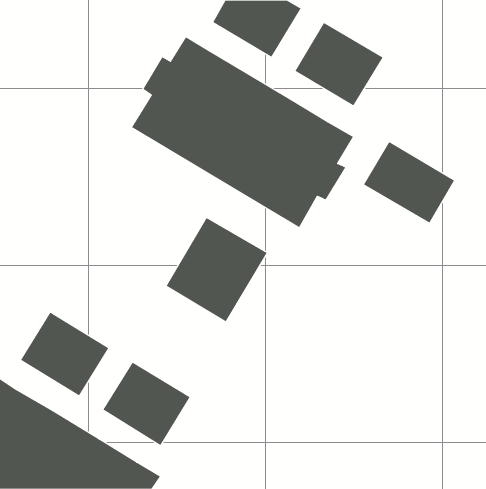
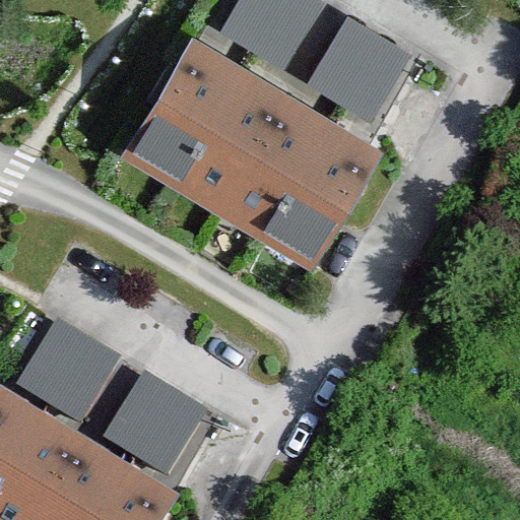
building: [363,141,455,224] -> none
building: [166,217,267,322] -> none

